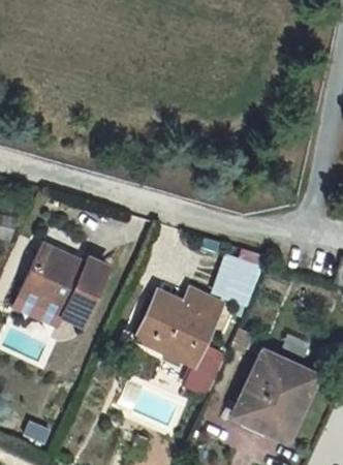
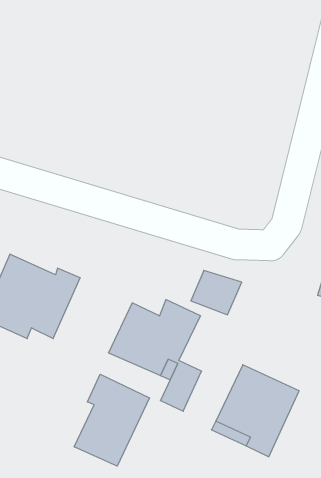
building: none -> [74,374,150,466]

